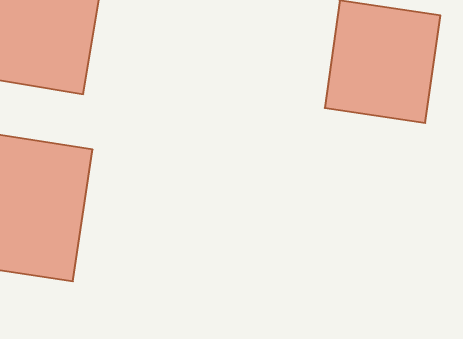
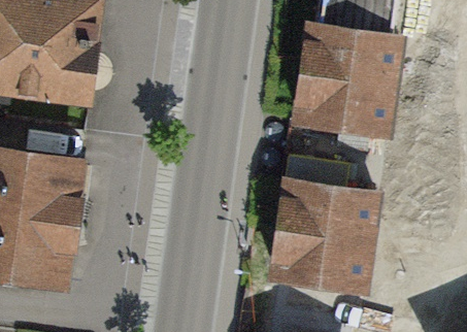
building: none -> [272,181,377,288]

